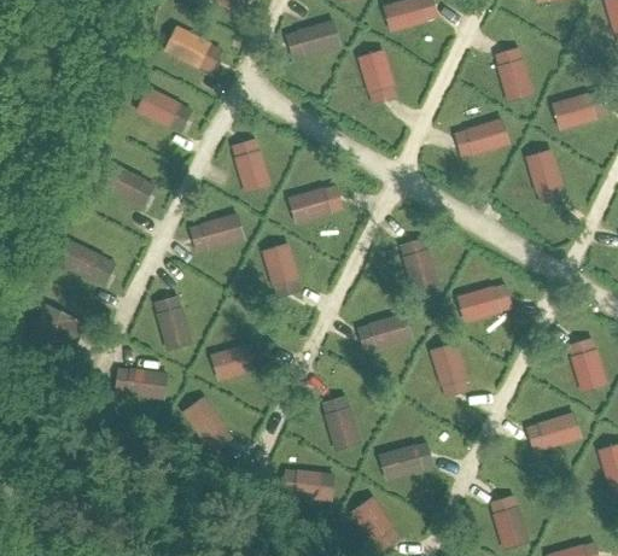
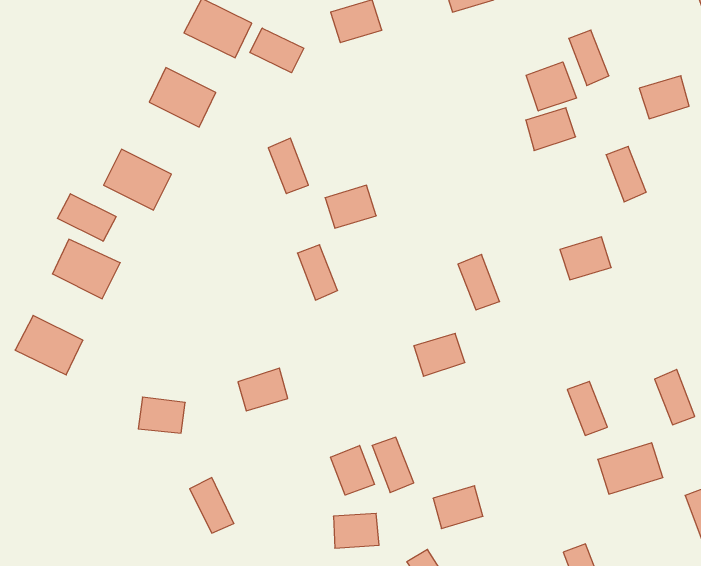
building: none -> [250,28,304,73]
building: [360,52,395,100] -> none
building: none -> [526,62,576,111]
building: none -> [57,194,116,241]
building: [200,213,245,251] -> none
building: [457,286,502,323] -> [560,237,611,280]
building: [158,305,193,352] -> none
building: [435,346,470,393] -> [567,381,607,435]
building: [191,399,229,447] -> [190,478,234,533]
building: none -> [331,445,375,495]

